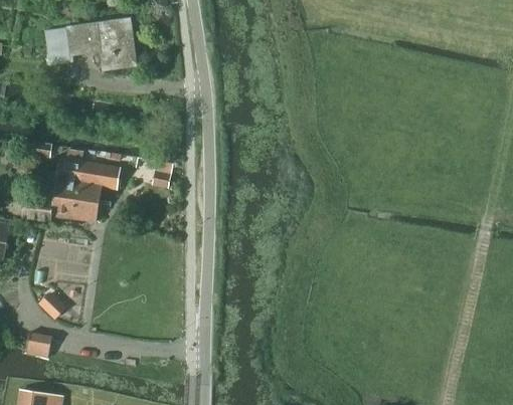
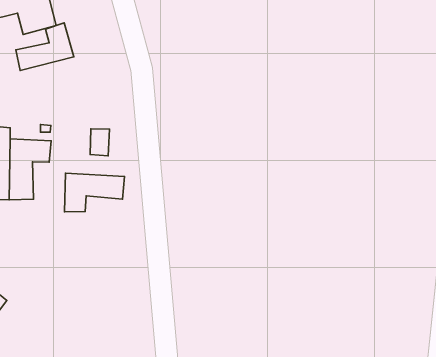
building: none -> [16,23,74,70]
building: none -> [65,173,125,212]

